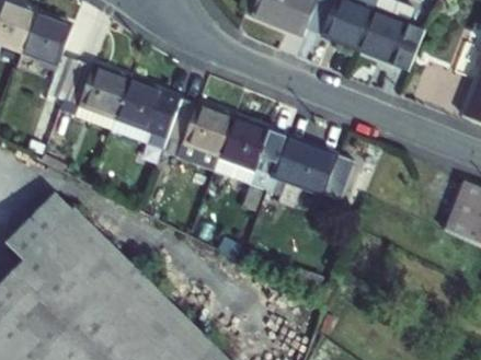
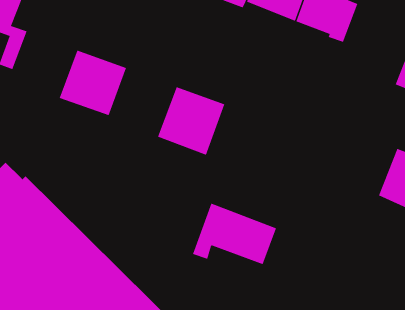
building: [58,58,128,128] -> none
building: [162,96,232,169] -> none
building: [264,135,353,199] -> [192,203,277,265]

